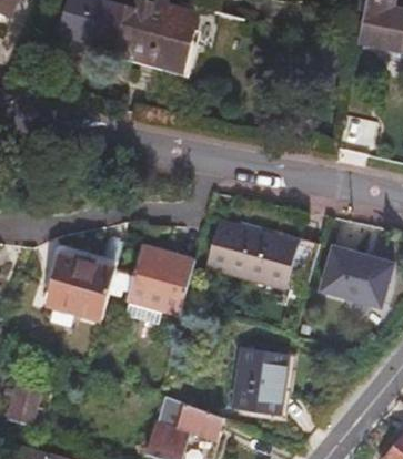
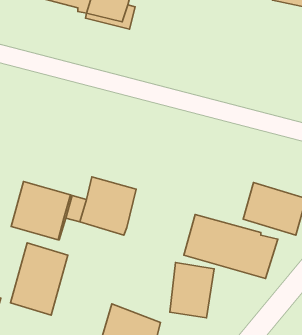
building: [209,218,320,294] -> [184,215,278,279]
building: none -> [10,243,68,315]

